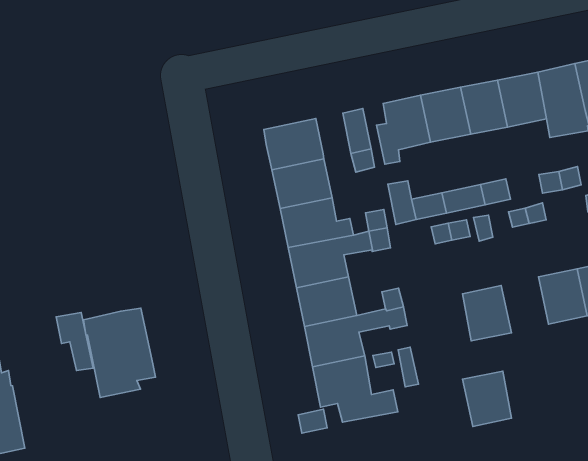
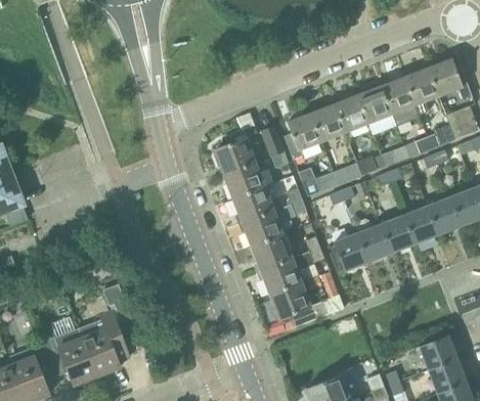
building: none -> [380,215,413,253]
building: [84,308,155,397] -> [78,315,129,375]
building: [463,371,511,426] -> [332,233,366,271]

